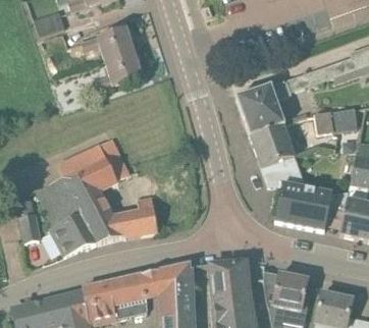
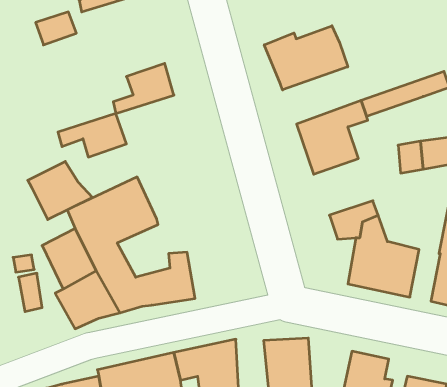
building: none -> [264,26,348,90]
building: [82,26,135,60] -> [58,114,126,157]
building: [250,123,296,167] -> none
building: none -> [28,161,92,220]

